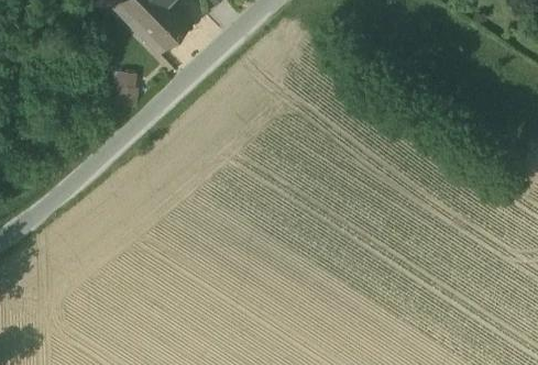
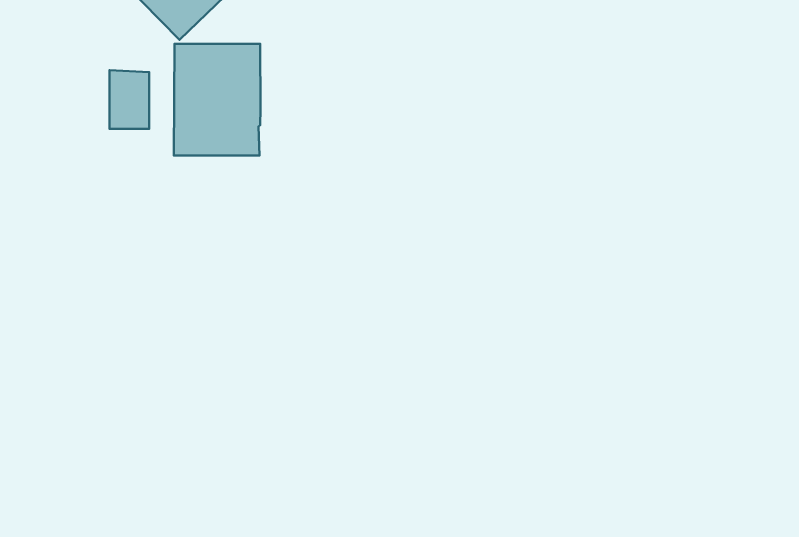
building: none -> [174,44,260,156]

